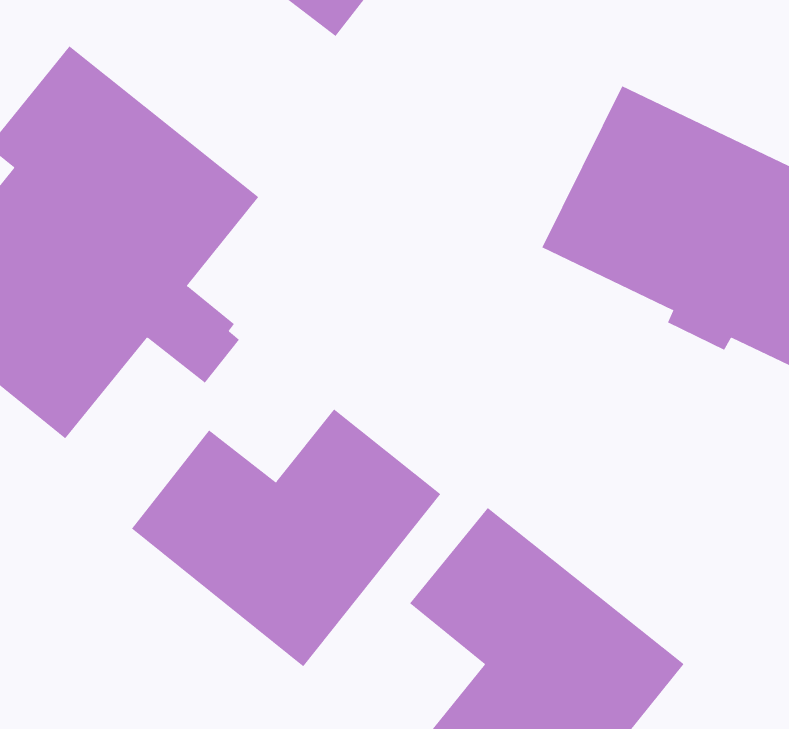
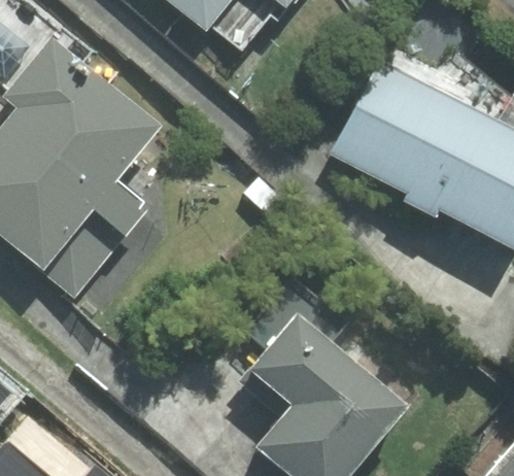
building: [131,408,441,667] -> none

